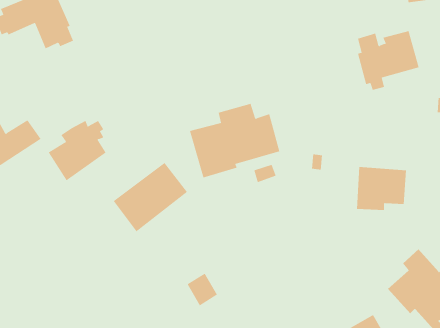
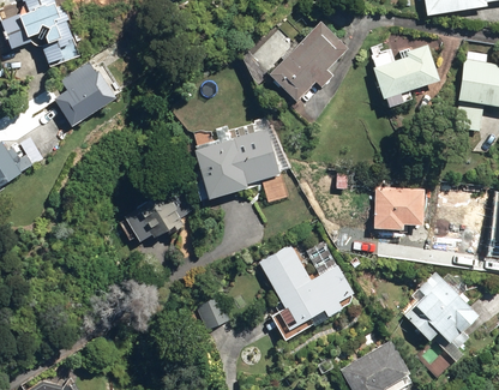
building: none -> [266,22,347,102]
building: [48,120,107,181] -> [53,64,114,127]
building: none -> [259,244,354,338]

